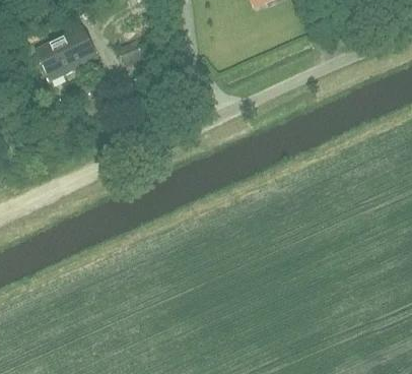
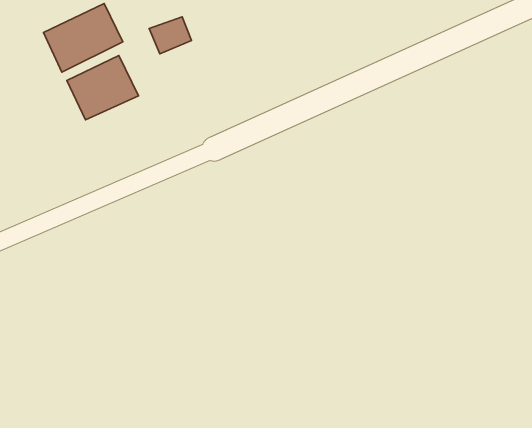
building: none -> [67,55,139,120]

